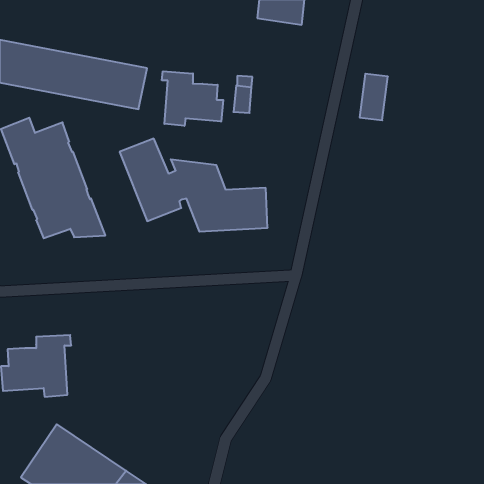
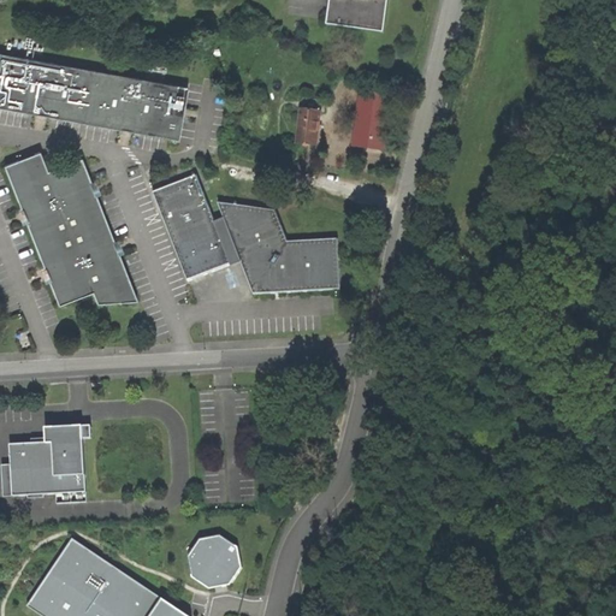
building: [162,71,223,126] -> none
building: [360,74,388,120] -> [354,89,390,148]
building: none -> [186,534,241,588]

